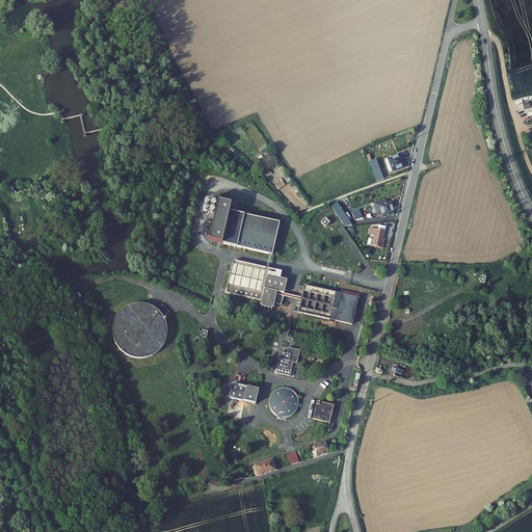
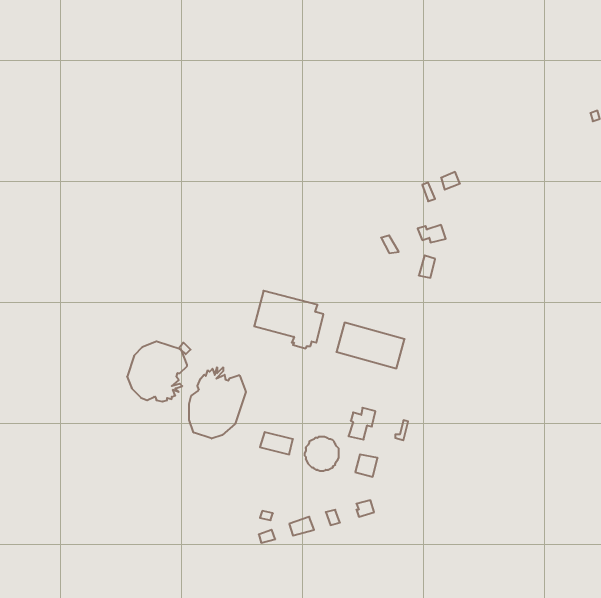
building: [210,198,280,251] -> none
building: none -> [189,367,246,439]
building: [277,345,301,373] -> [348,408,375,440]

